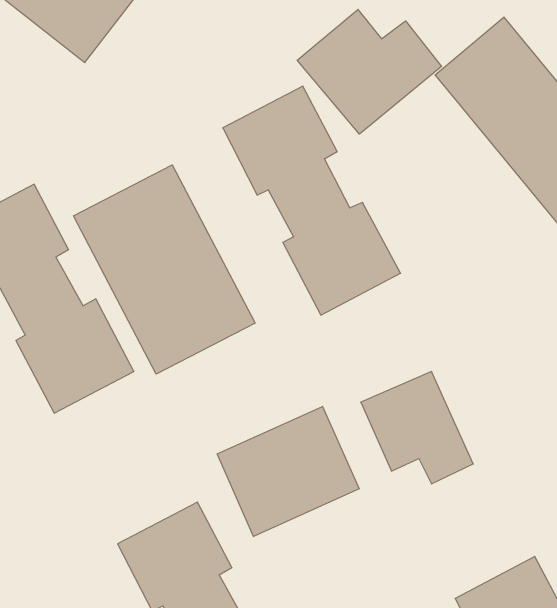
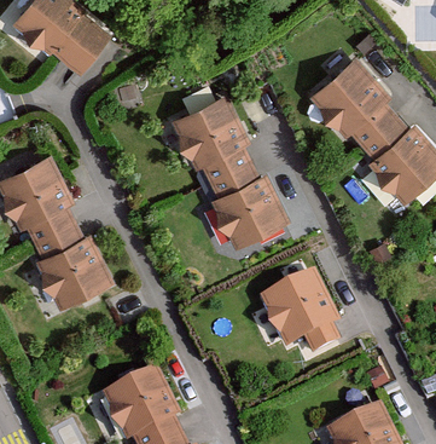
building: [297,9,442,134] -> none
building: [74,165,255,374] -> none
building: [217,406,359,537] -> none

